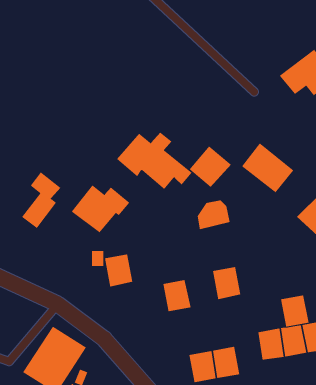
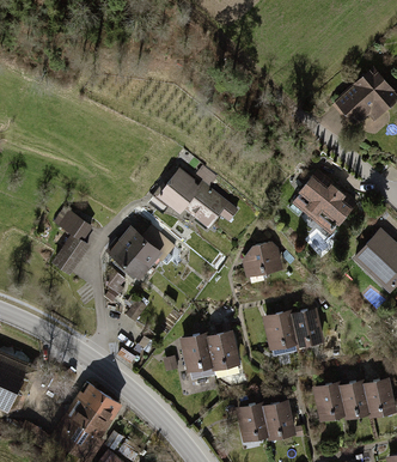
building: [189,146,232,188] -> none
building: [104,254,133,287] -> [181,335,213,372]
building: [280,295,309,327] -> [288,311,320,347]

